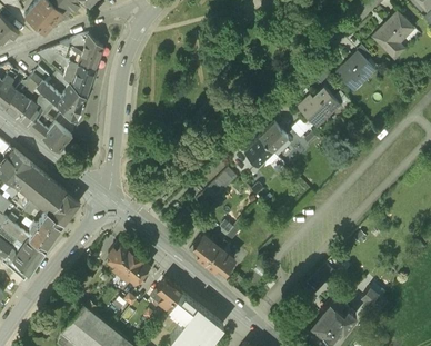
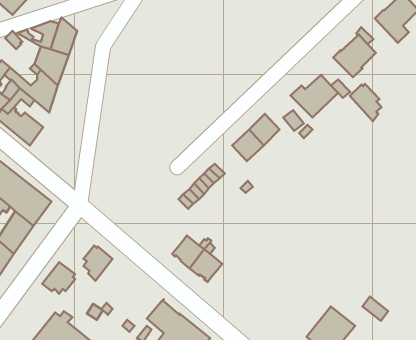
building: none -> [350,84,381,121]
building: [119,256,149,285] -> [42,262,75,294]
building: [150,280,181,312] -> none

